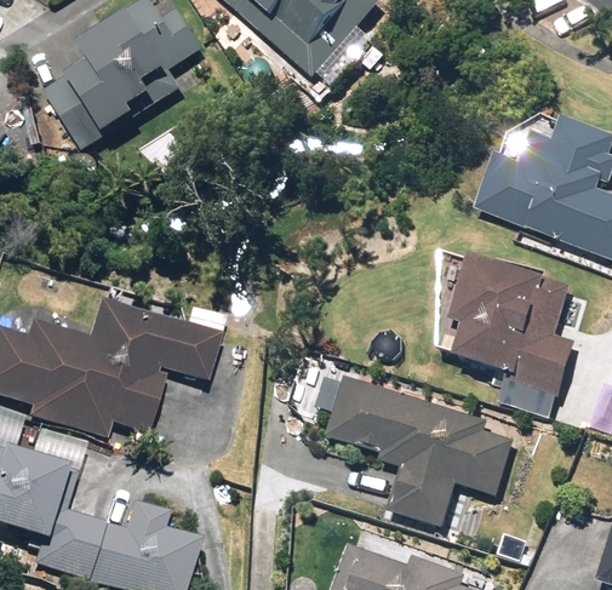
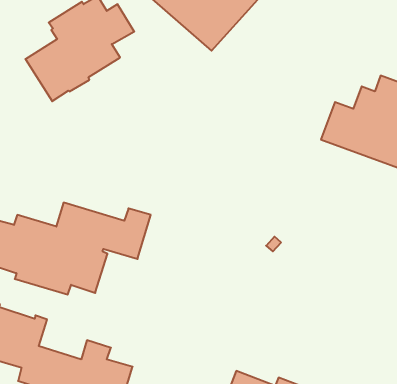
building: [453,260,576,396] -> none
building: [291,355,513,527] -> none

